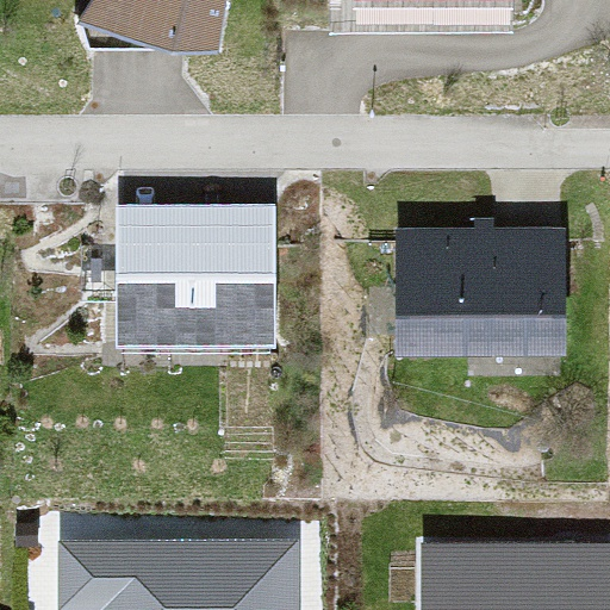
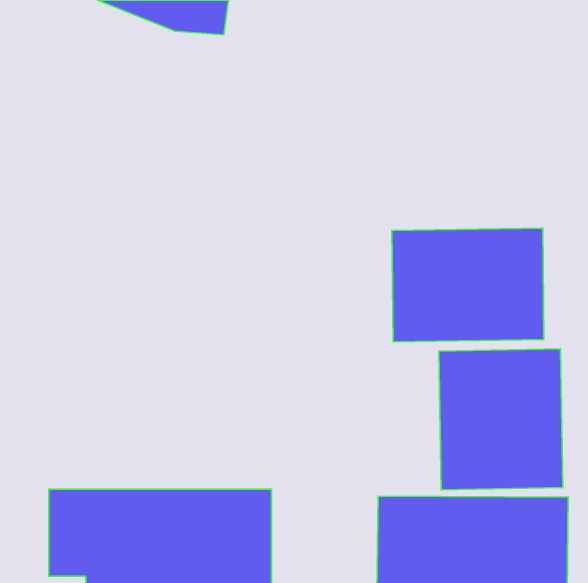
building: [127,220,275,354] -> none
building: none -> [439,349,563,490]

